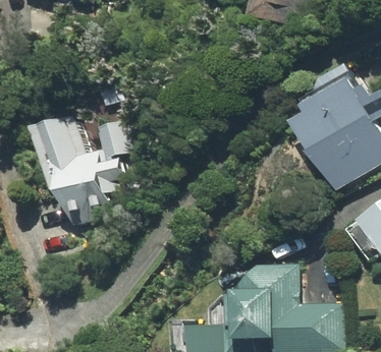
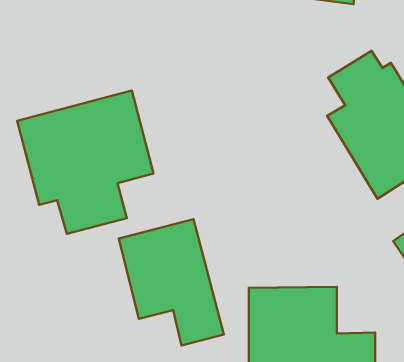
building: none -> [119,219,224,345]

